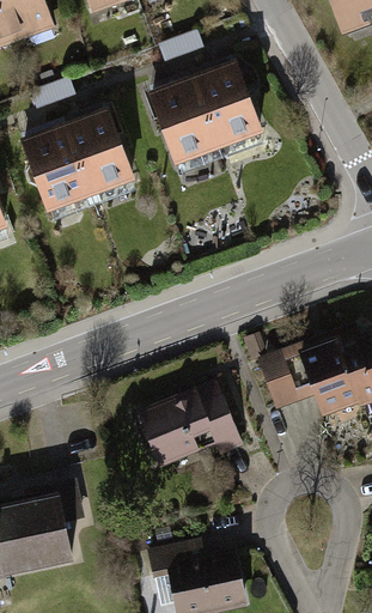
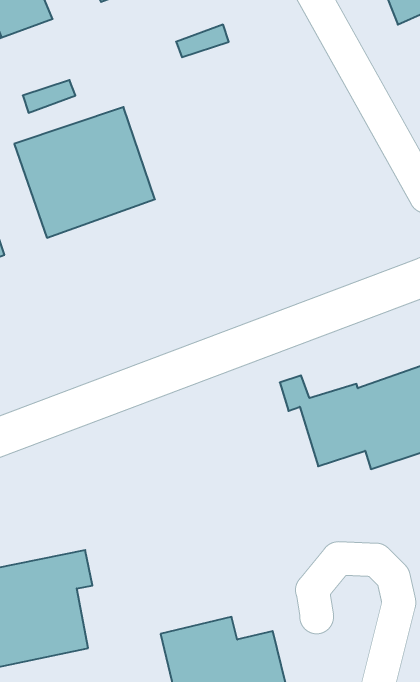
building: [148,57,267,166] -> none
building: [134,378,243,466] -> none

